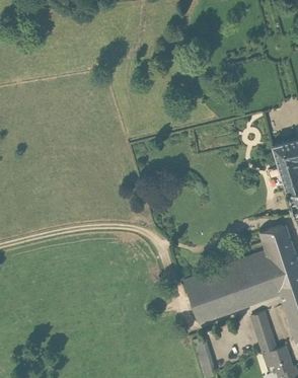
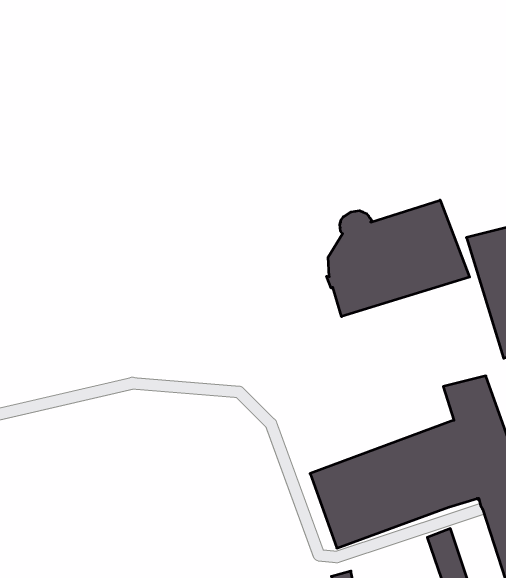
building: none -> [327,200,470,317]

